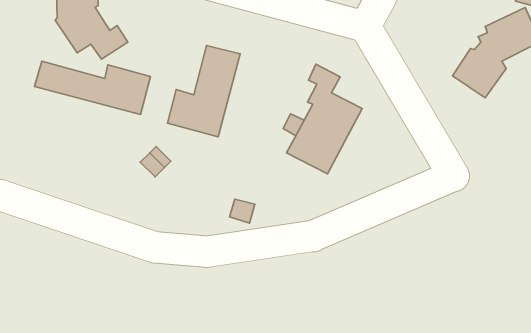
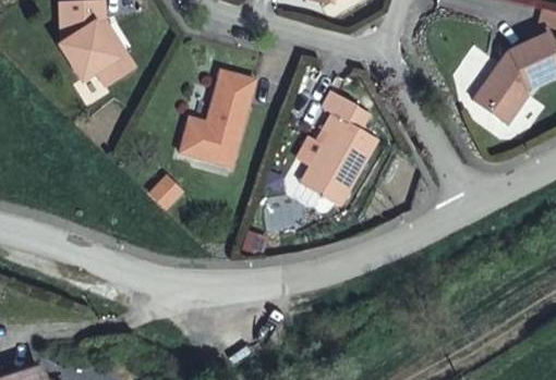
building: [35,61,150,115] -> none

